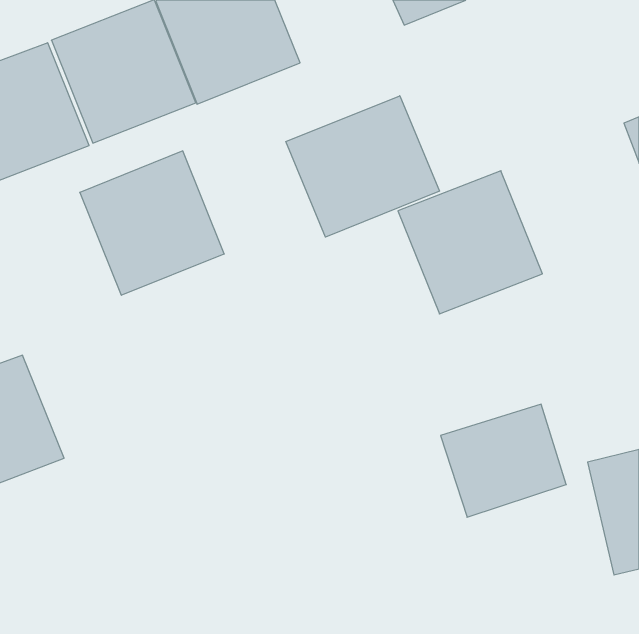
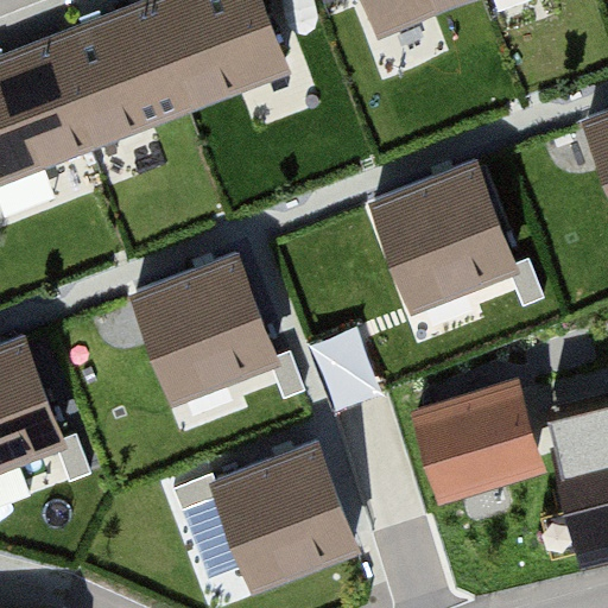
building: [286,96,440,237] -> none
building: [80,151,224,295] -> [140,261,277,398]
building: none -> [217,449,354,585]

